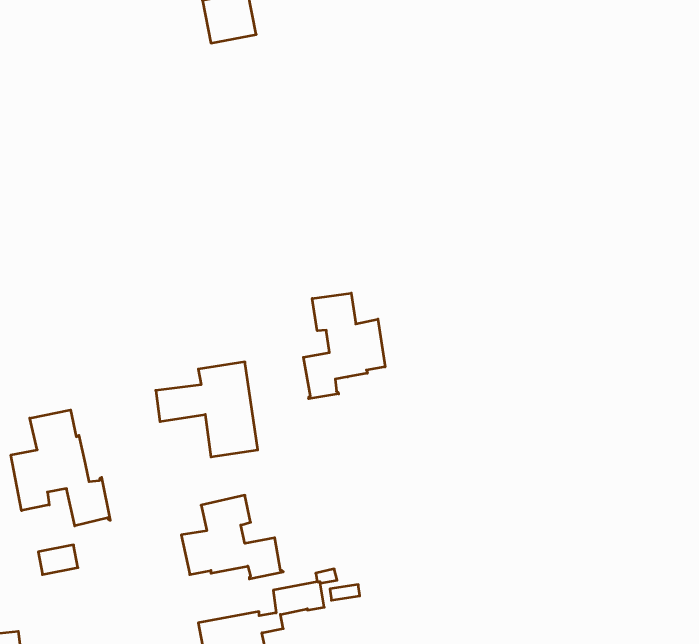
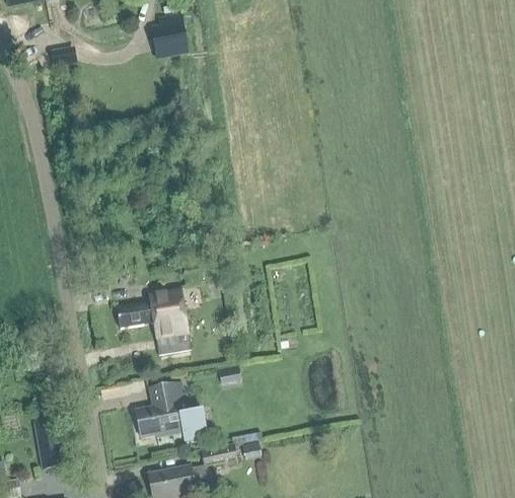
building: [303,293,385,399] -> none
building: [11,410,110,526] -> none

